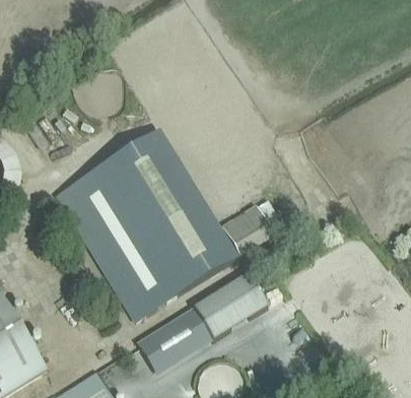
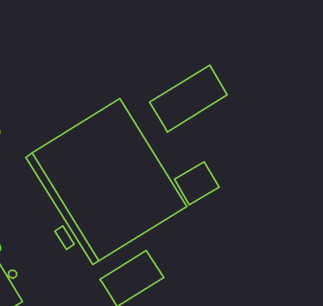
building: none -> [150,65,227,132]
building: [193,272,269,339] -> none

